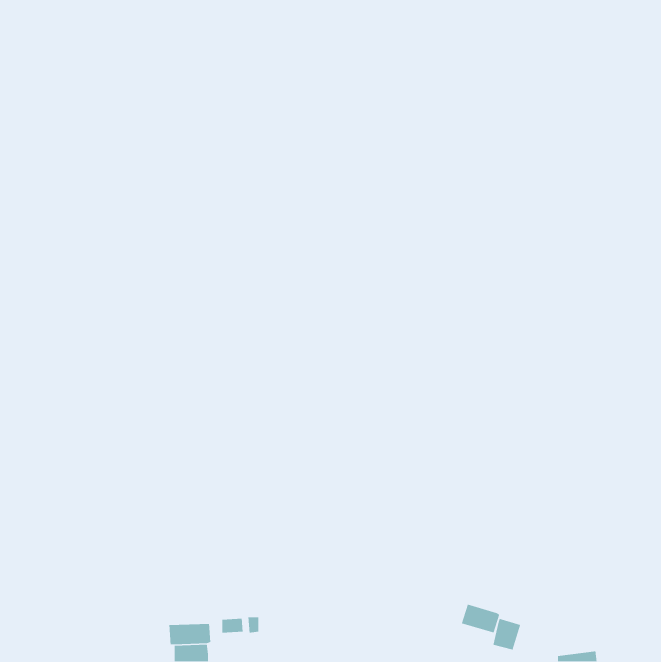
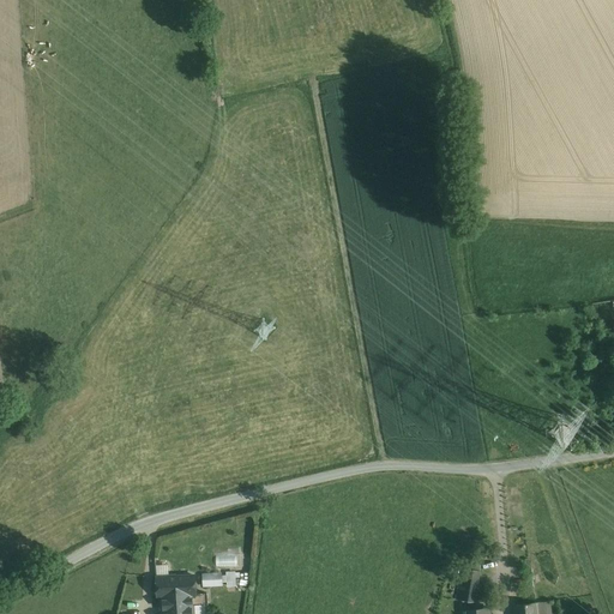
building: [461,604,500,633] -> none

